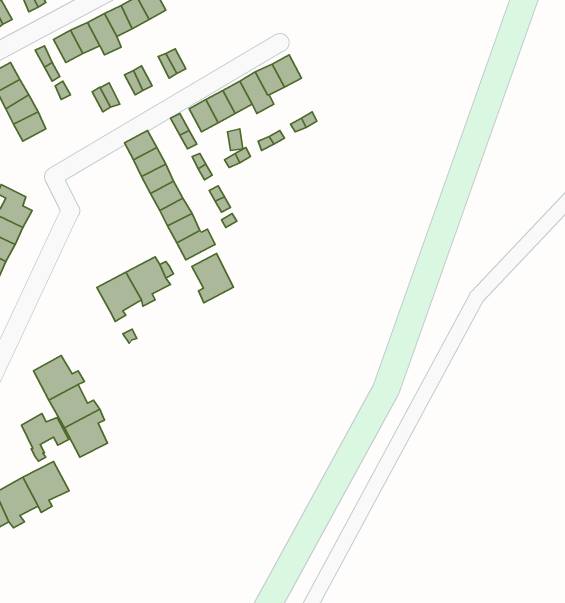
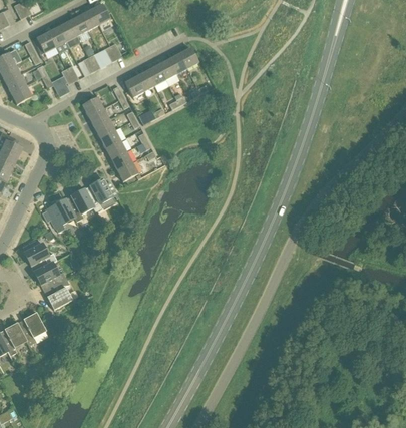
building: [192,254,233,303] -> none
building: none -> [40,198,74,232]
building: [21,414,69,461] -> none

